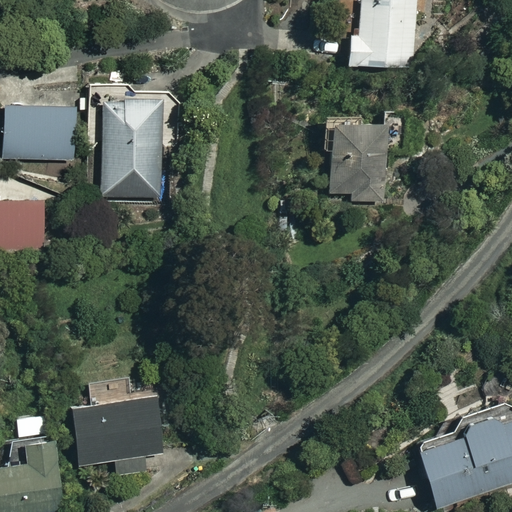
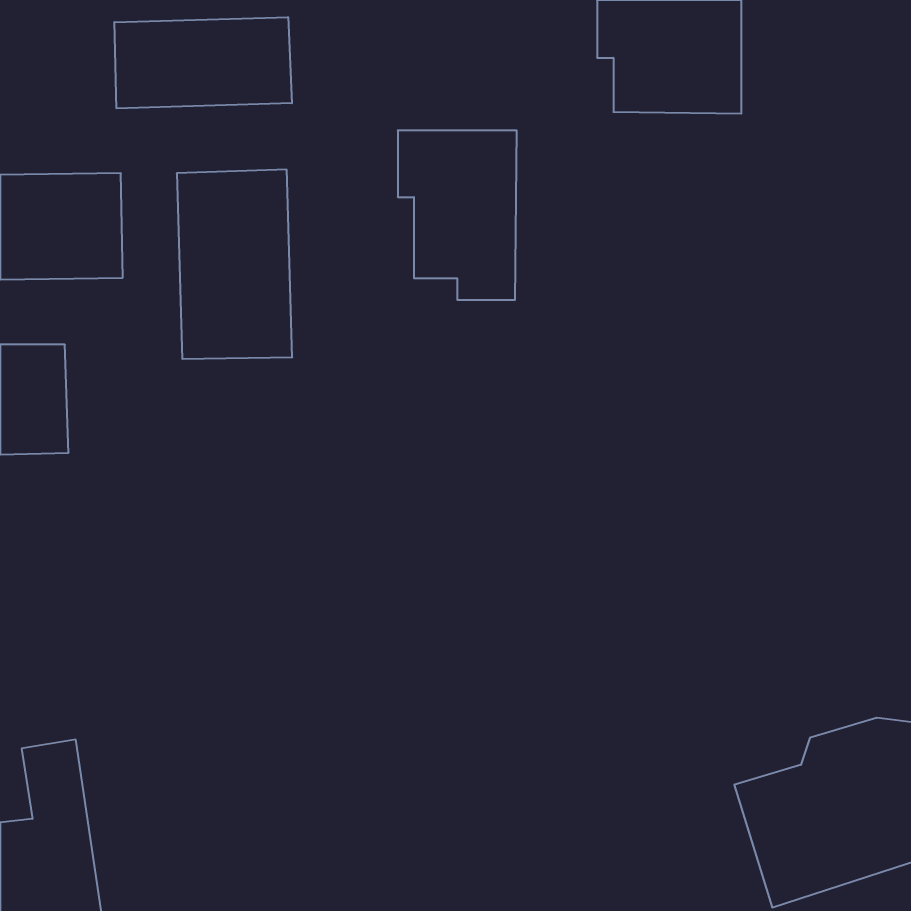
building: none -> [114,17,292,108]
building: [321,110,387,204] -> [398,130,517,300]
building: [67,386,160,475] -> none

